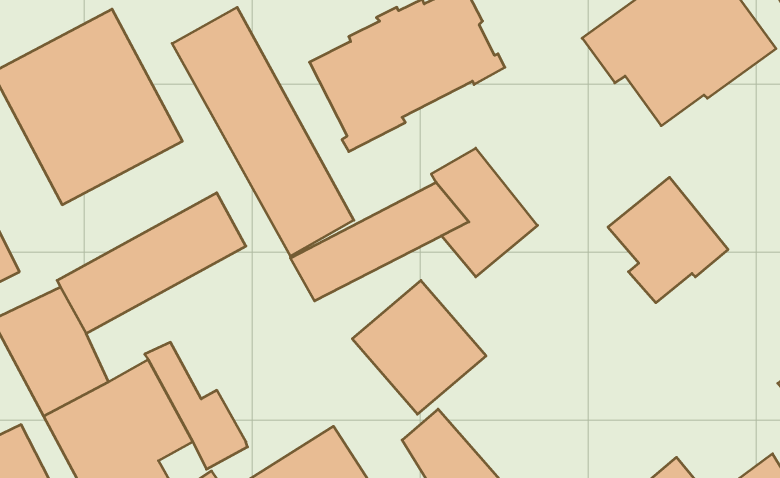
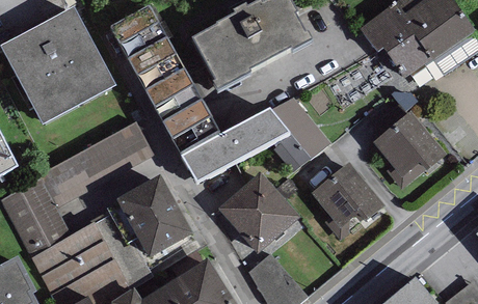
building: none -> [312,161,384,225]
building: none -> [106,176,197,269]

